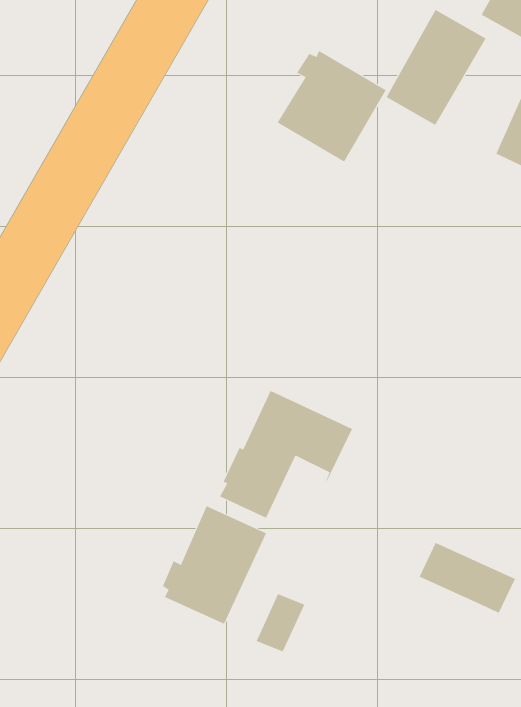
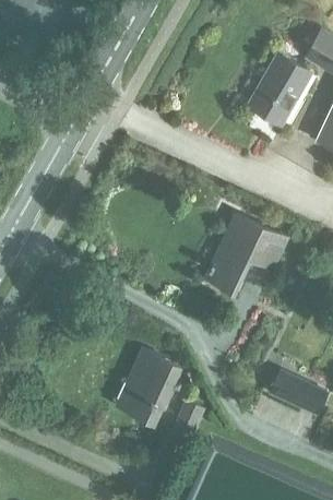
building: [277,50,387,163] -> none
building: [219,390,353,518] -> [205,215,285,291]

